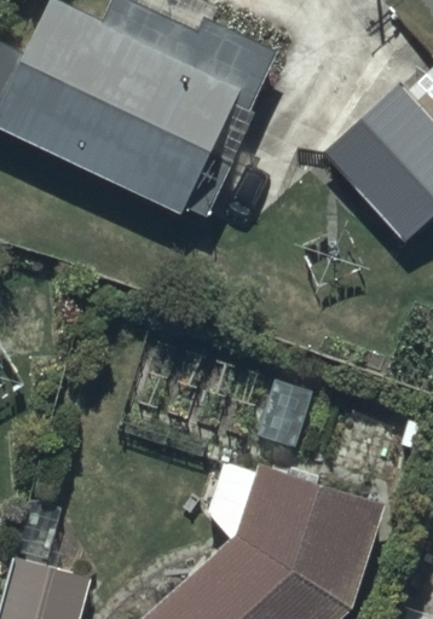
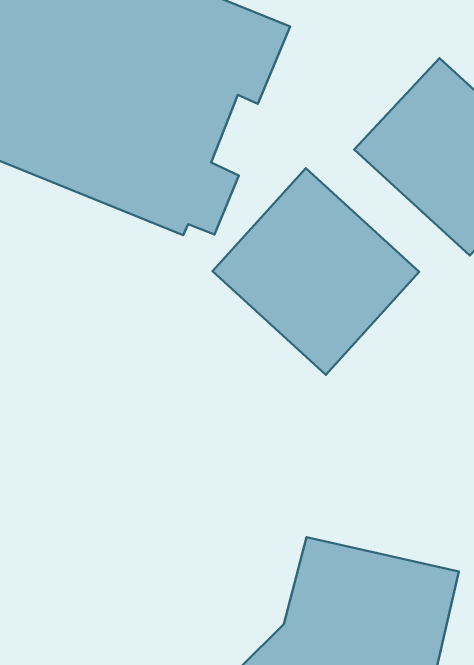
building: none -> [213,168,419,375]

